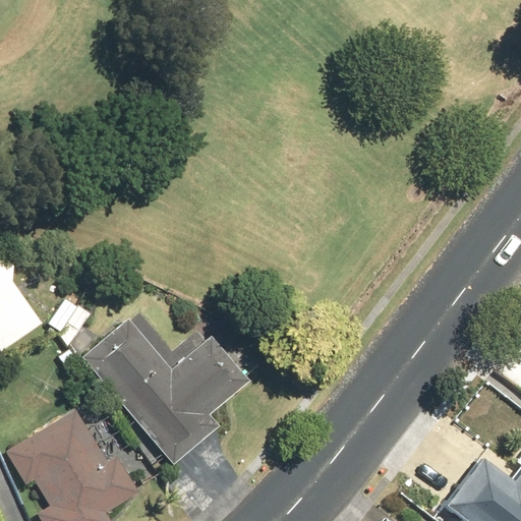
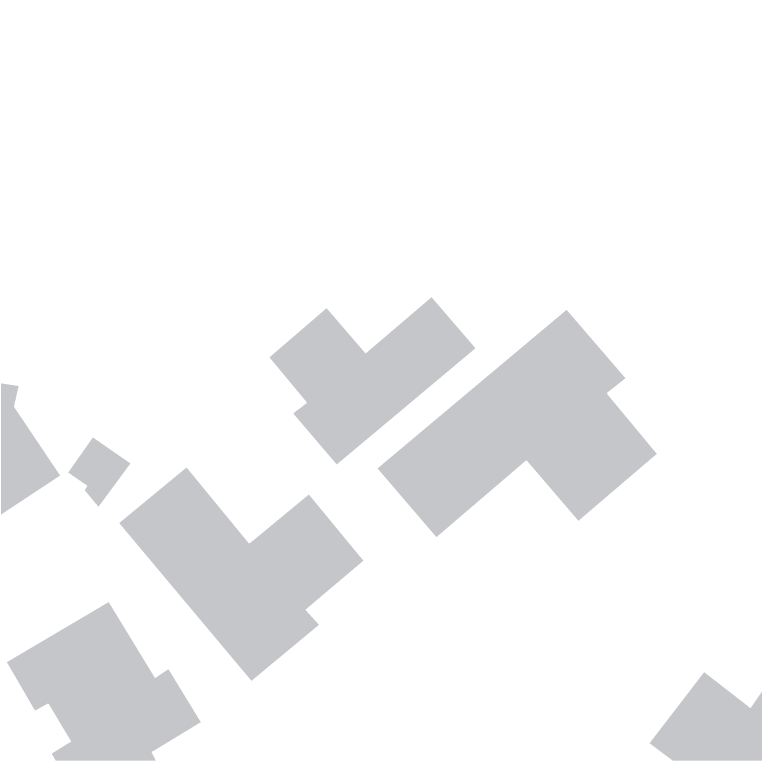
building: none -> [268,296,476,466]
building: none -> [377,309,658,538]

